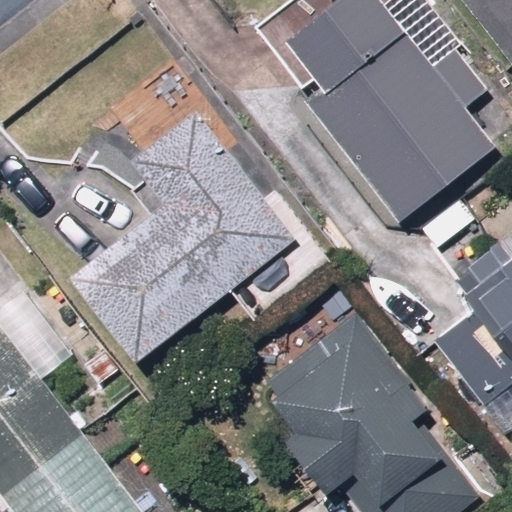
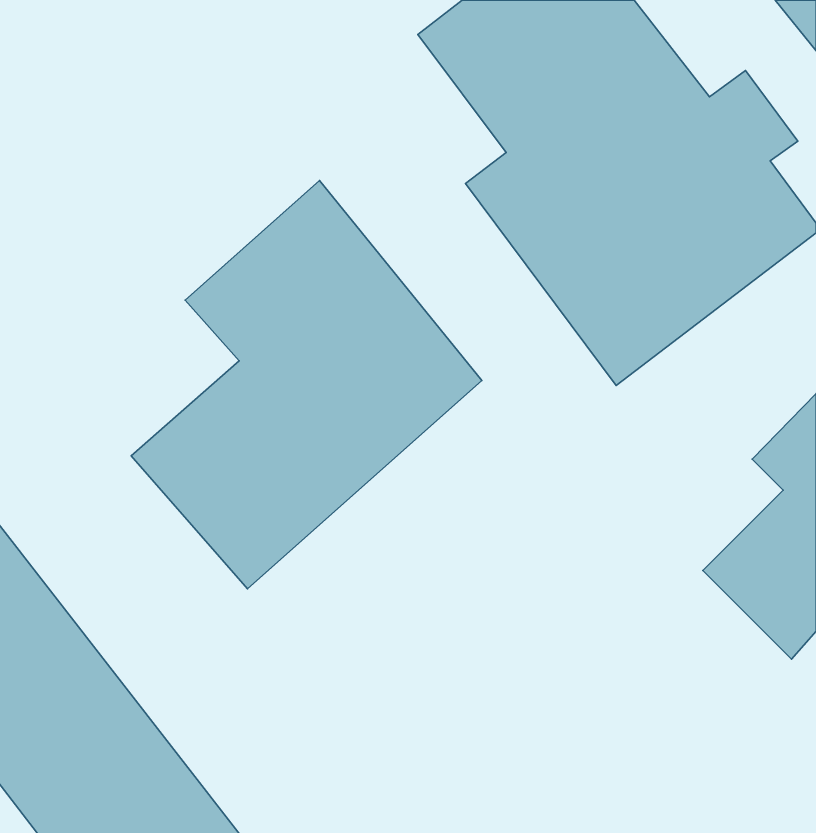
building: [271,310,451,500] -> none

